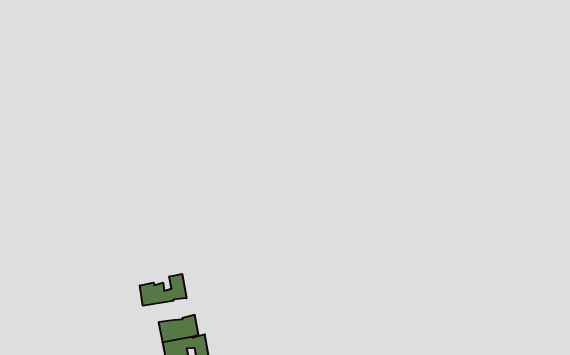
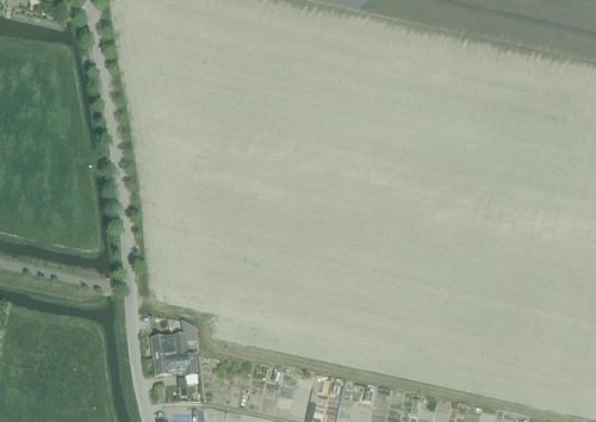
building: [140,274,186,306] -> none

